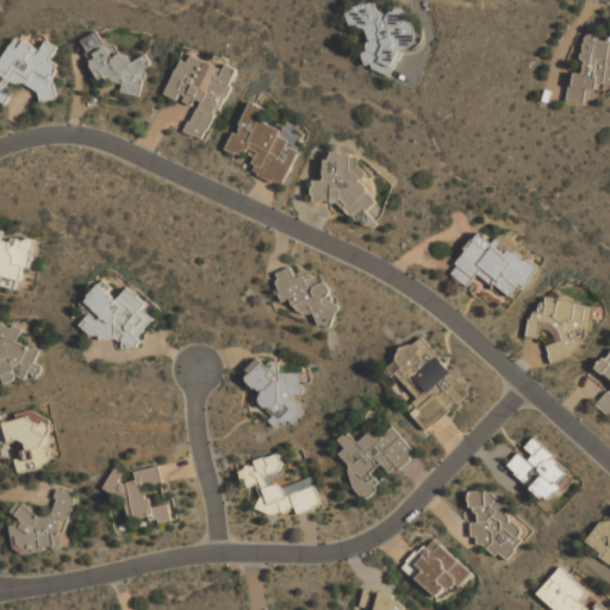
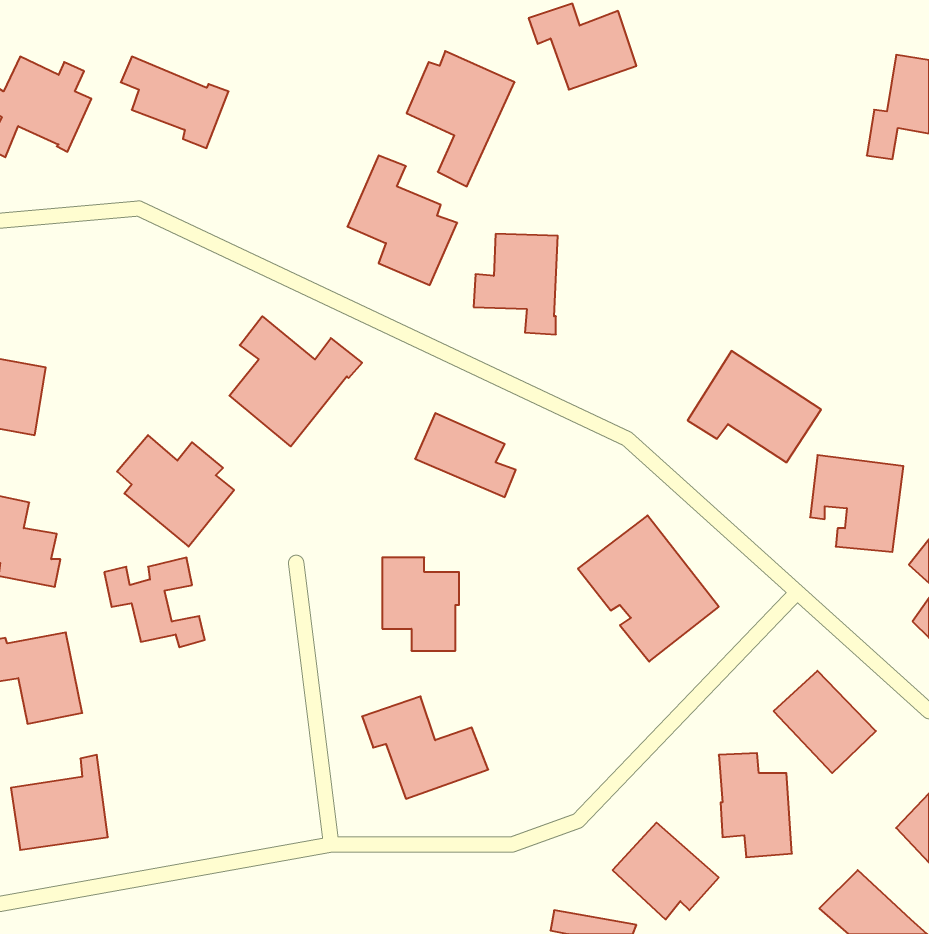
building: [163,52,234,141] -> [407,51,515,186]
building: none -> [229,316,362,446]
building: [332,427,413,498] -> none
building: [104,466,169,524] -> [104,558,205,647]

